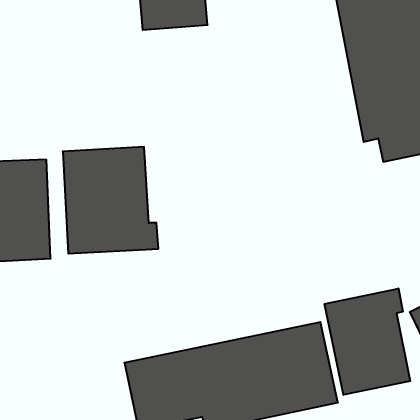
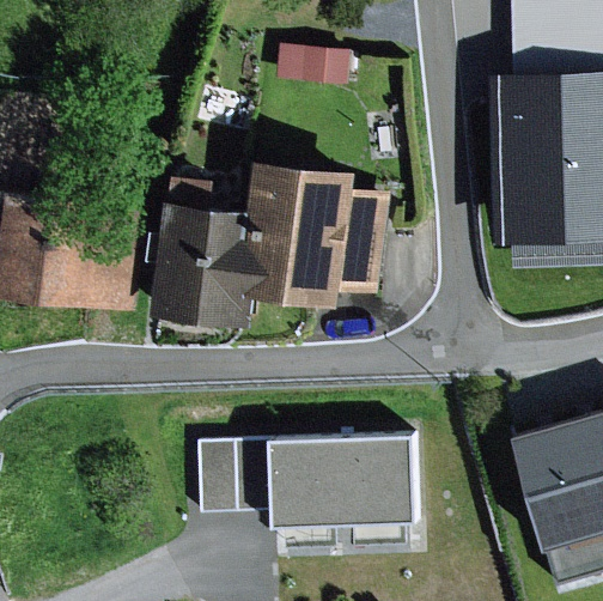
building: none -> [248,163,390,303]
building: [325,288,410,395] -> none

